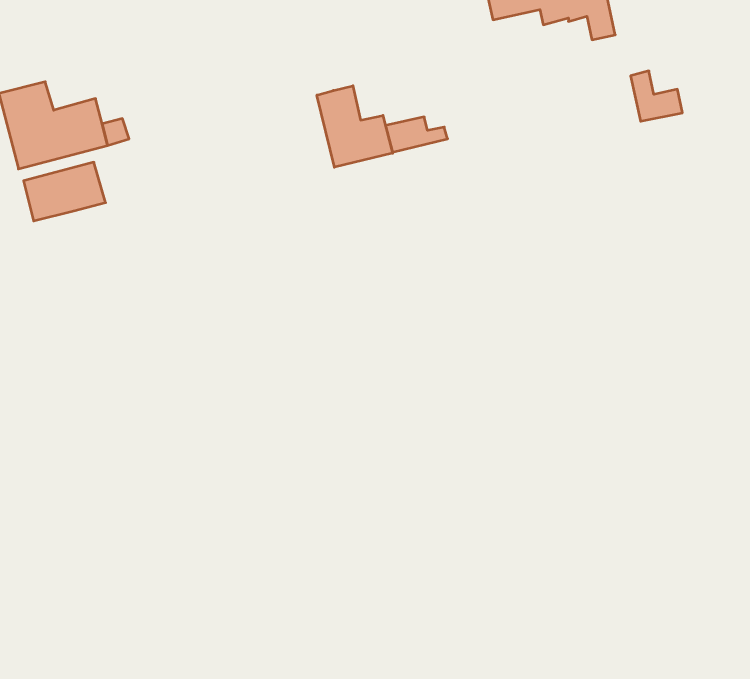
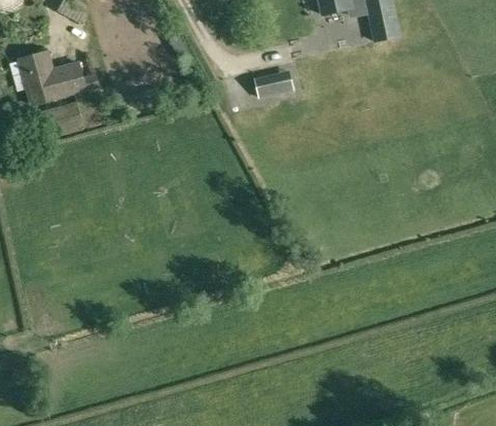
building: [631,71,682,121] -> [367,11,399,42]
building: [317,86,393,167] -> none

